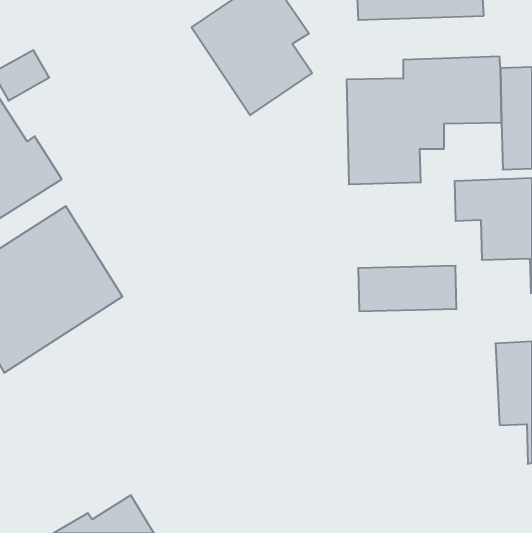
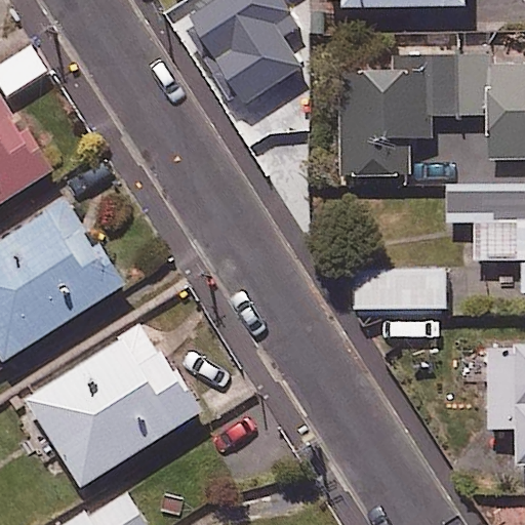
building: none -> [26,314,199,476]

